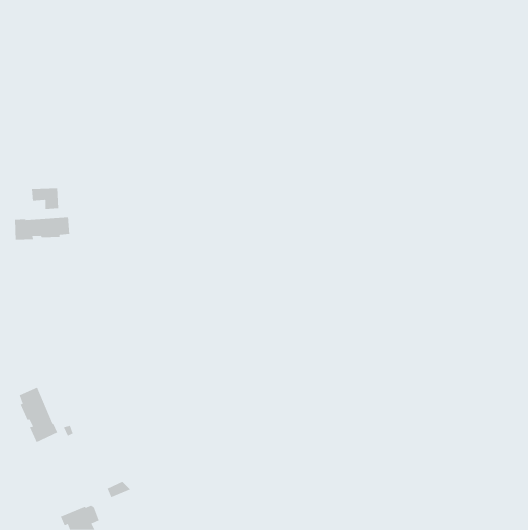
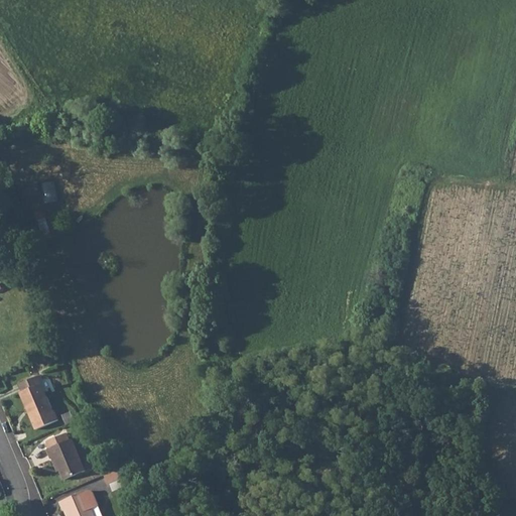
building: [14,216,70,240] -> none
building: none -> [45,433,84,480]

